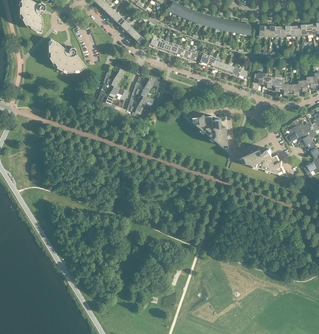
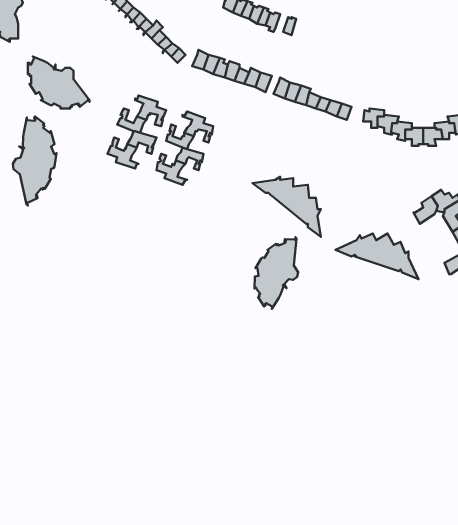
building: none -> [13,116,57,205]
building: none -> [254,237,298,309]

